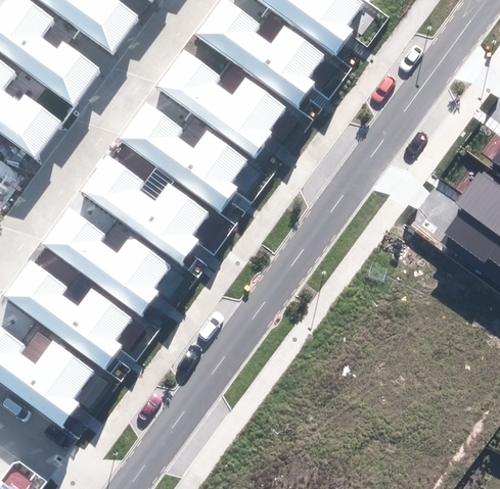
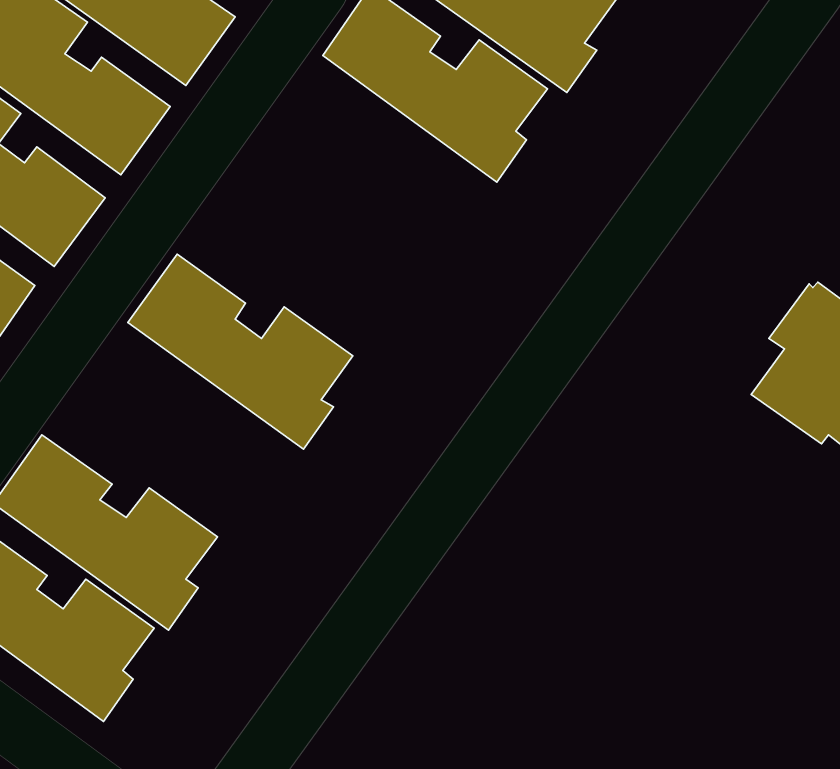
building: [155,48,286,161] -> none
building: [116,101,246,213] -> none
building: [42,205,173,317] -> none

